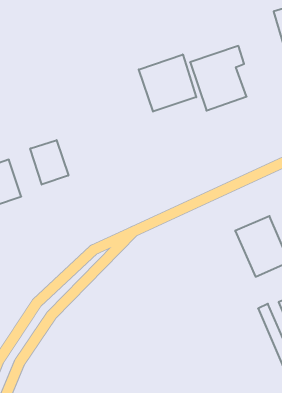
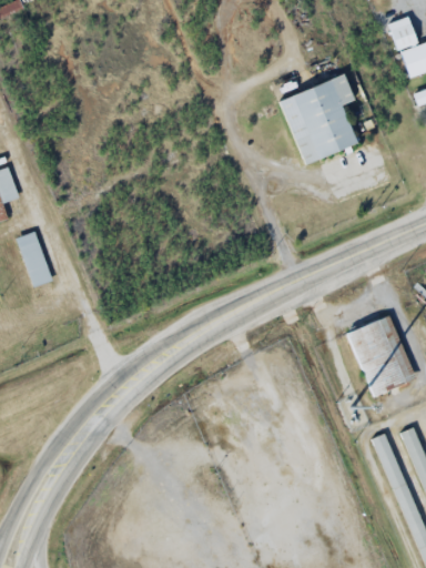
building: [139,54,196,112] -> none
building: [30,140,68,185] -> none

